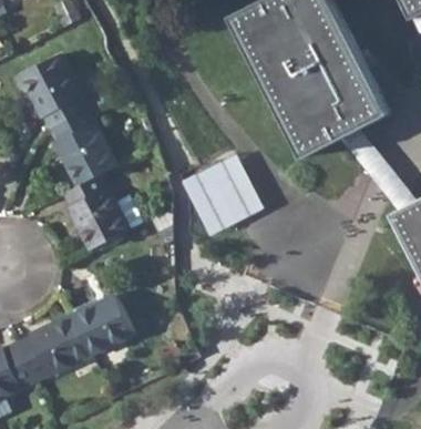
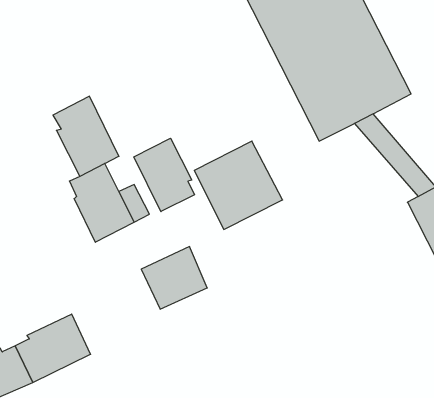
building: [21,60,86,132] -> none
building: none -> [134,138,194,212]
building: [70,298,132,357] -> [141,247,207,309]

